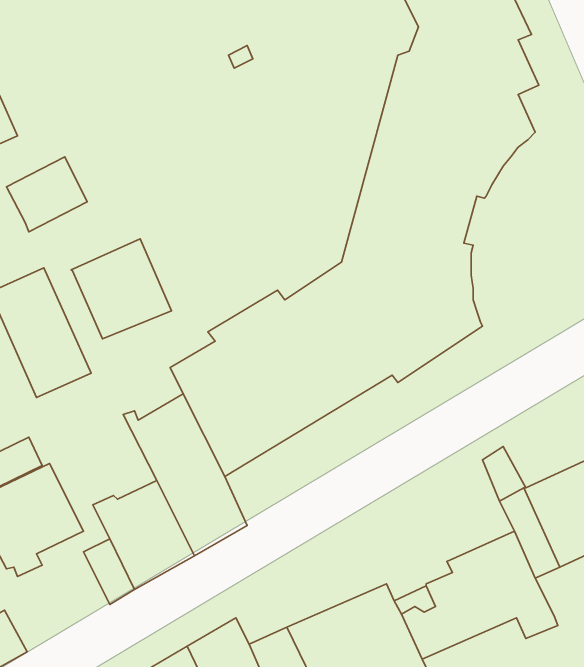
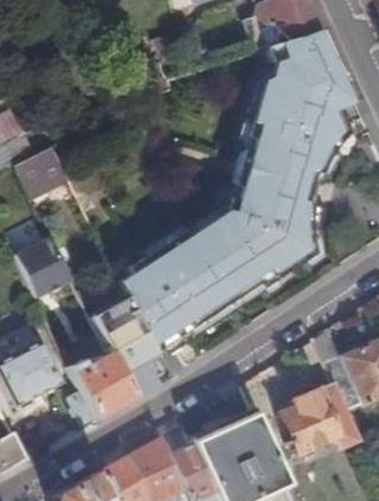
building: [71,239,172,339] -> none

